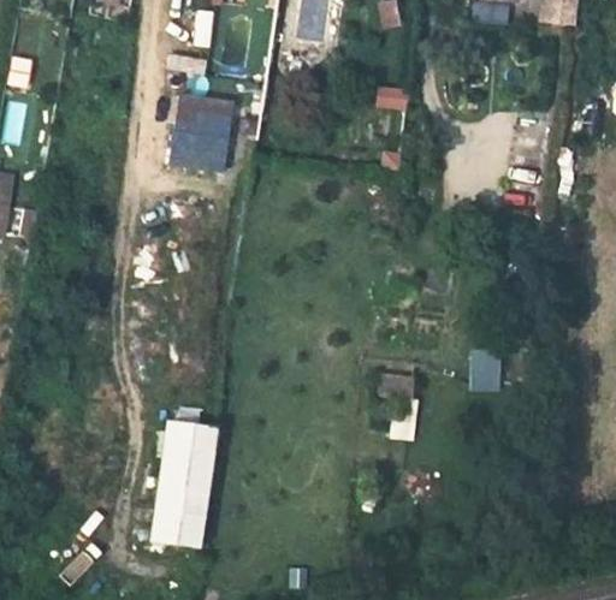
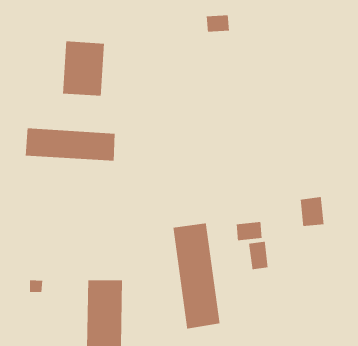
building: none -> [25,128,115,162]
building: none -> [173,223,220,330]

